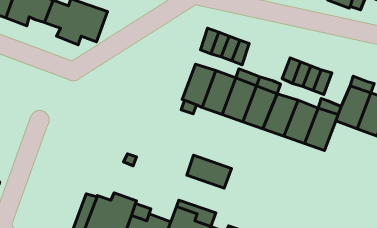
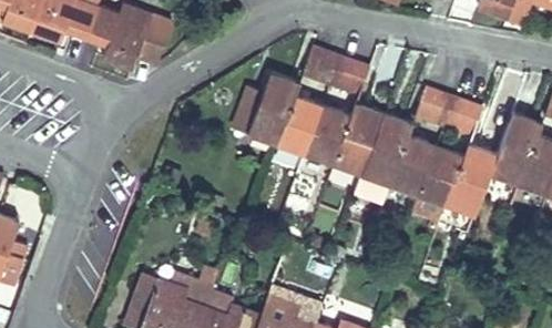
building: none -> [234,72,300,144]
building: [187,155,232,188] -> none

